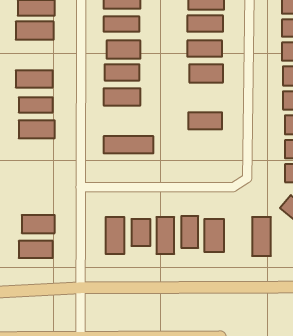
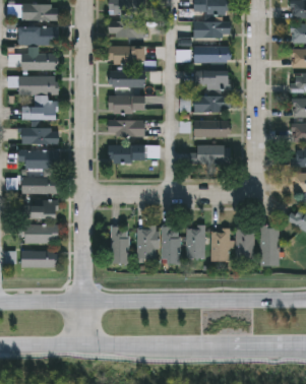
building: none -> [20,55,55,71]
building: none -> [194,95,226,113]
building: none -> [108,120,144,136]
building: none -> [194,145,226,165]
building: none -> [19,150,58,195]
building: none -> [21,203,56,218]
building: none -> [236,229,253,262]

